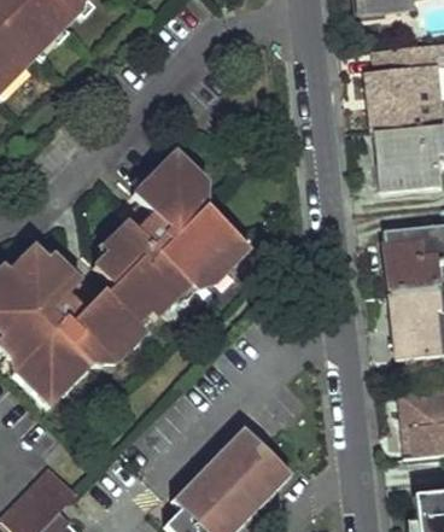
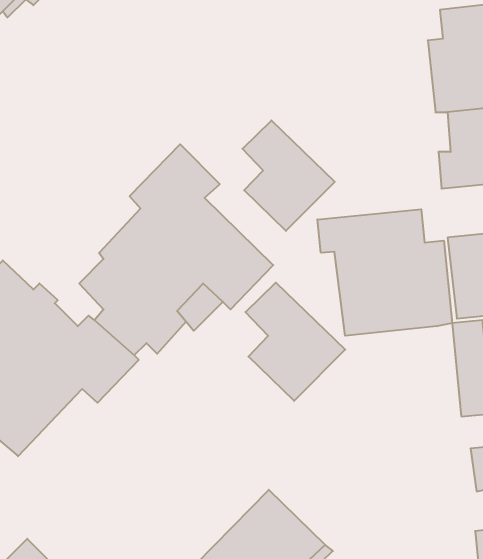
building: none -> [242,120,335,231]
building: none -> [317,209,452,336]
building: none -> [245,283,345,401]

